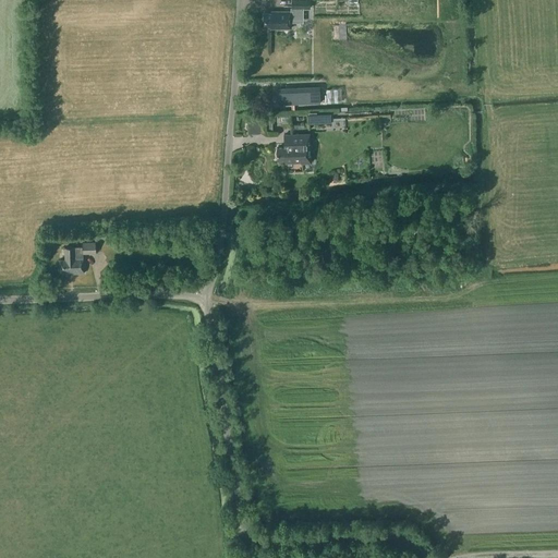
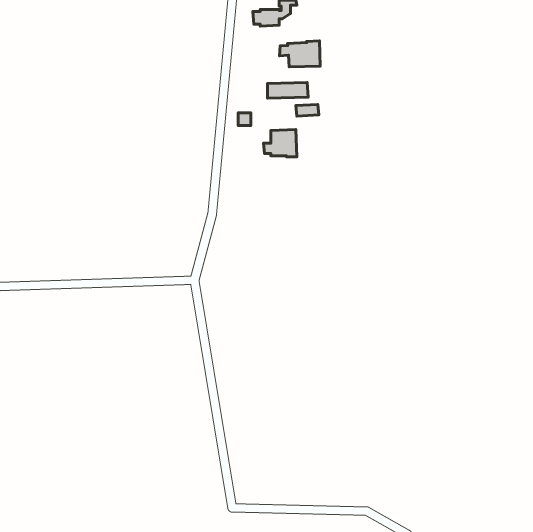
building: none -> [279,41,320,67]
building: [59,243,95,275] -> none

